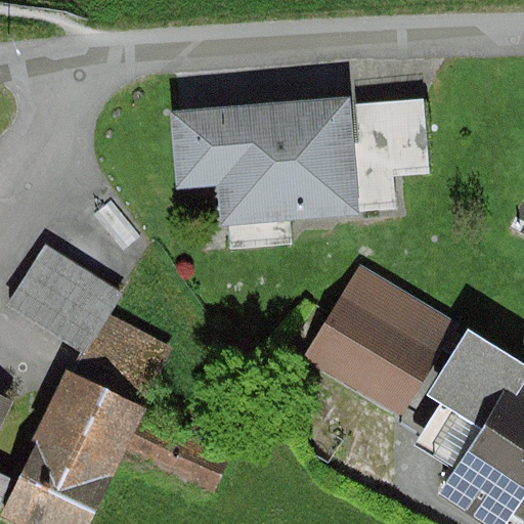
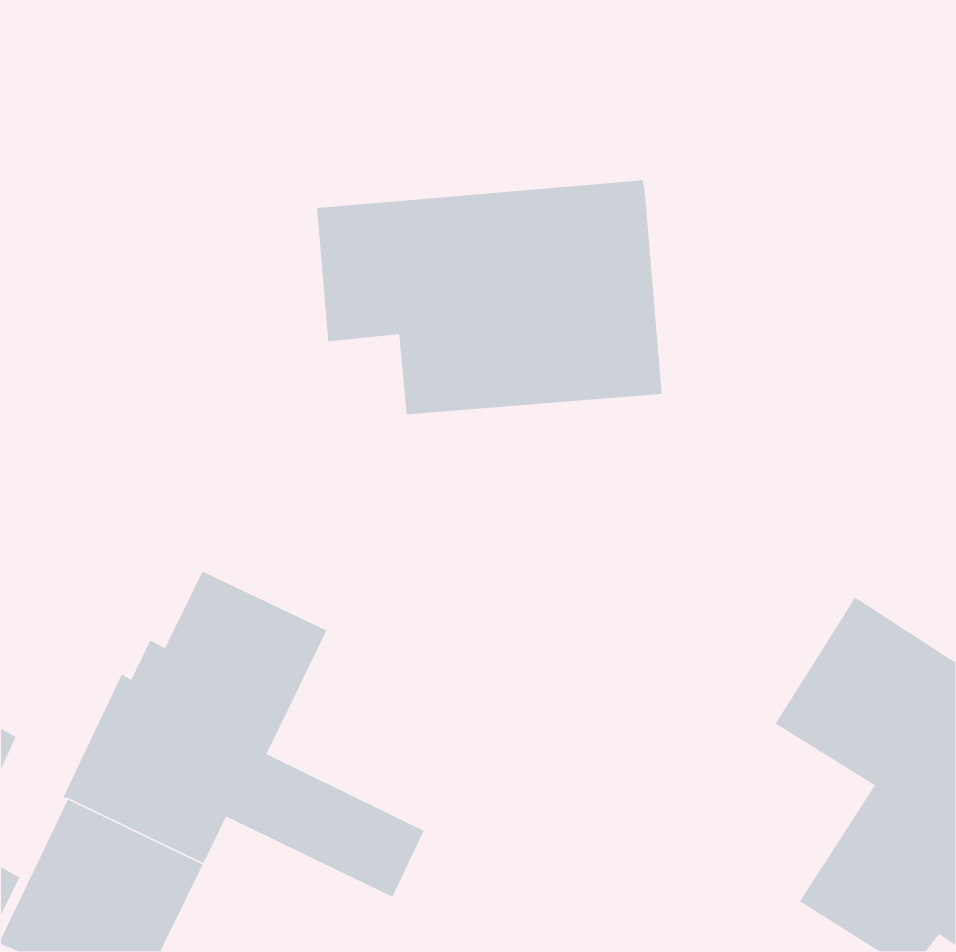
building: [353,98,430,213] -> none
building: [6,245,122,354] -> none
building: [303,264,456,416] -> none

